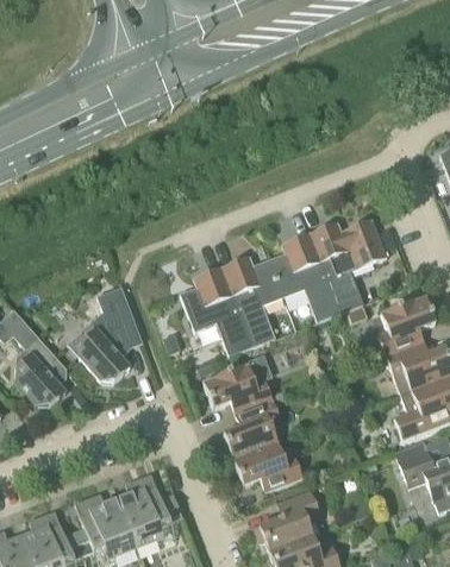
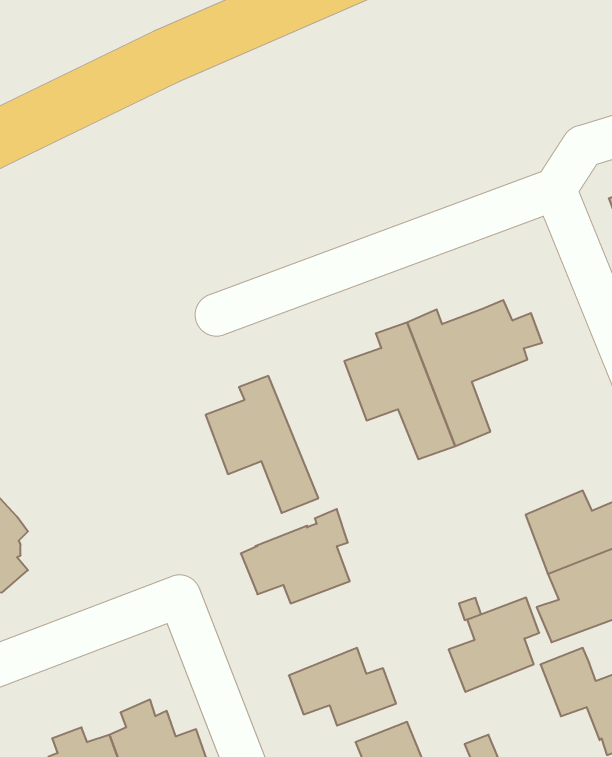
building: [220,258,283,346] -> none
building: [67,292,140,382] -> none
building: [376,295,435,357] -> none
building: [223,399,281,460] -> [449,598,539,692]

